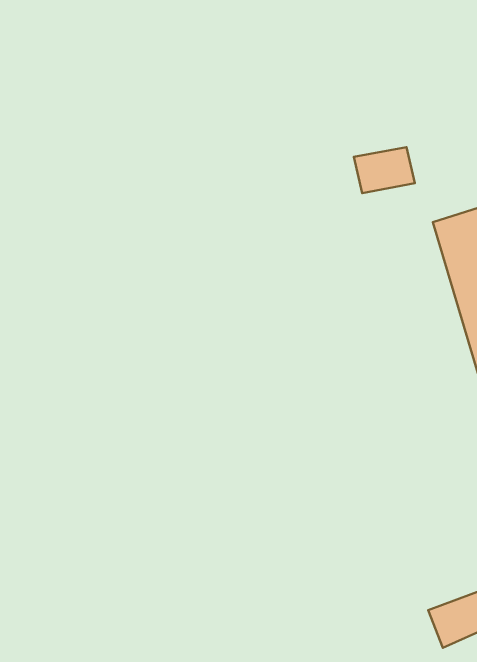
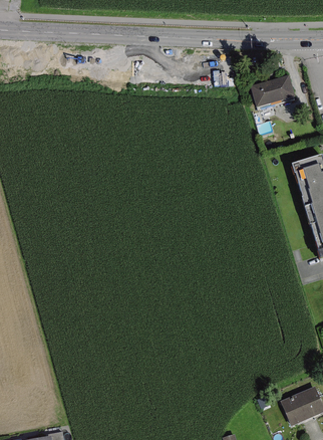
building: [354,147,415,193] -> [256,76,293,104]

